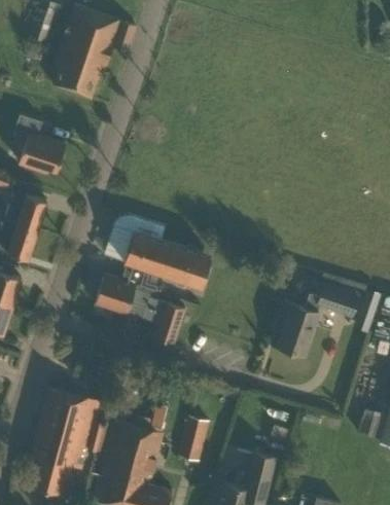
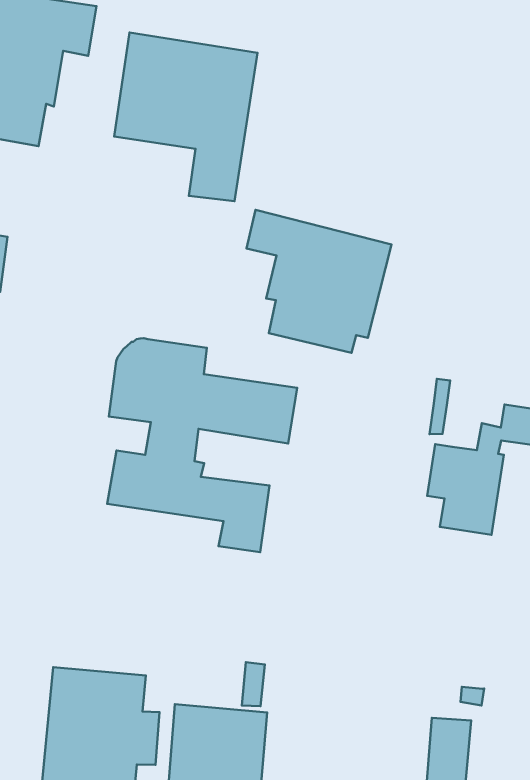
building: none -> [114,33,257,201]
building: none -> [246,210,392,353]
building: [177,416,210,462] -> none

